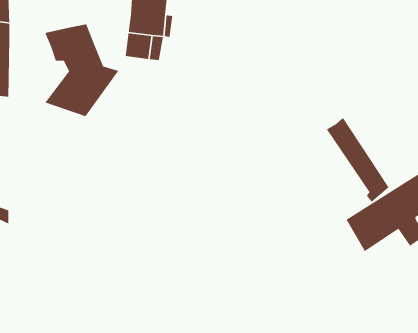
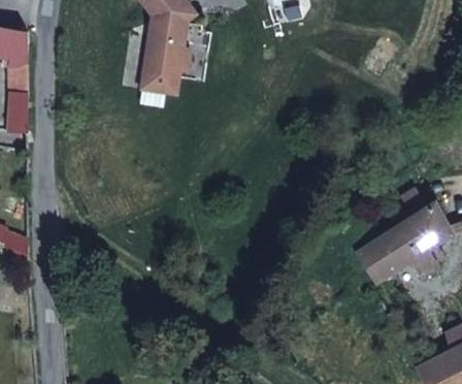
building: [44,24,119,117] -> none
building: [326,117,389,203] -> none

